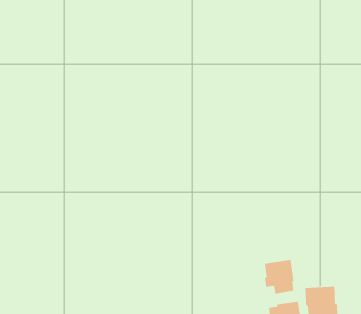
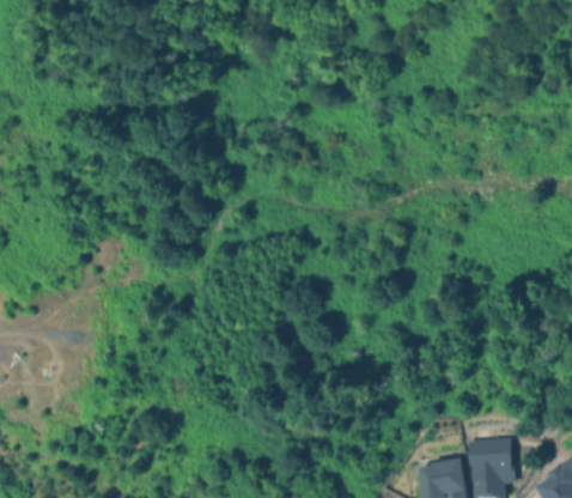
building: [264,259,294,294] -> none

